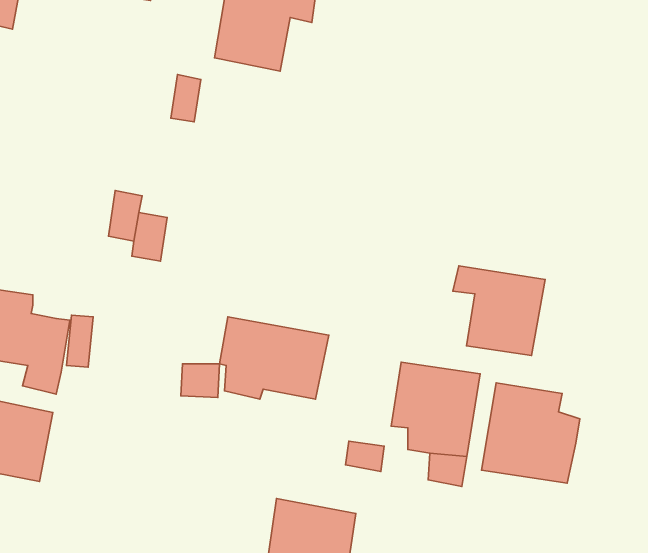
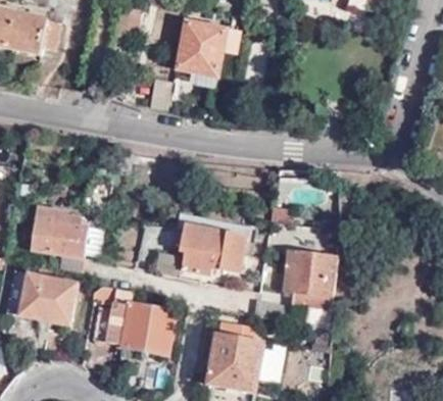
building: [453,266,545,355] -> none
building: [482,383,580,483] -> none
building: none -> [91,284,176,356]

